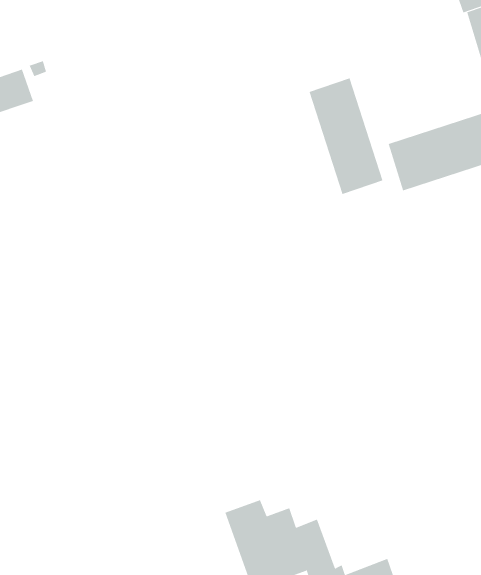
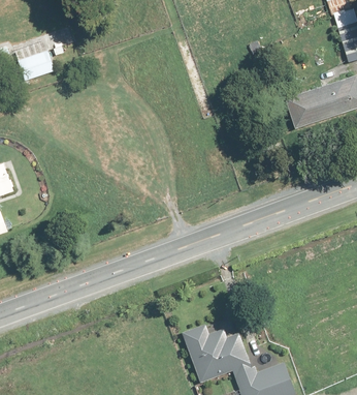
building: [309,78,383,195] -> none

